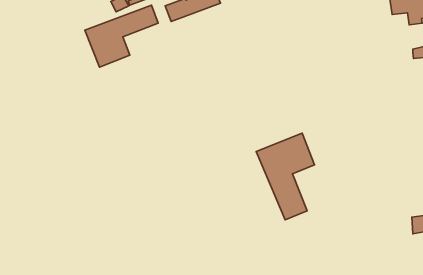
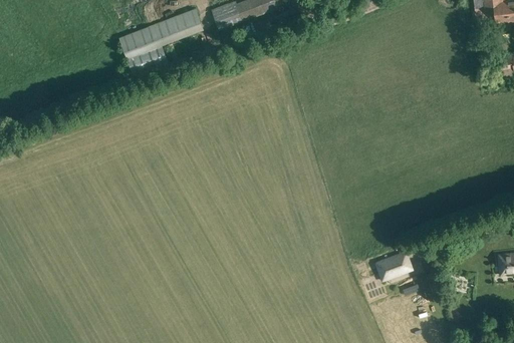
building: [256,133,315,220] -> none
building: none -> [376,251,414,280]

